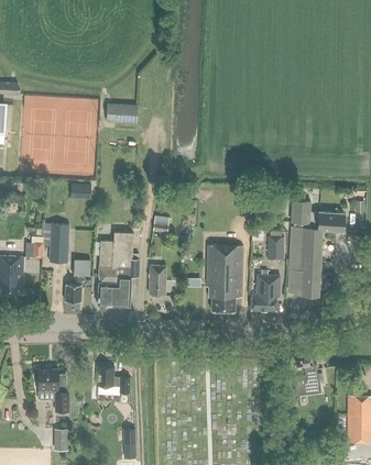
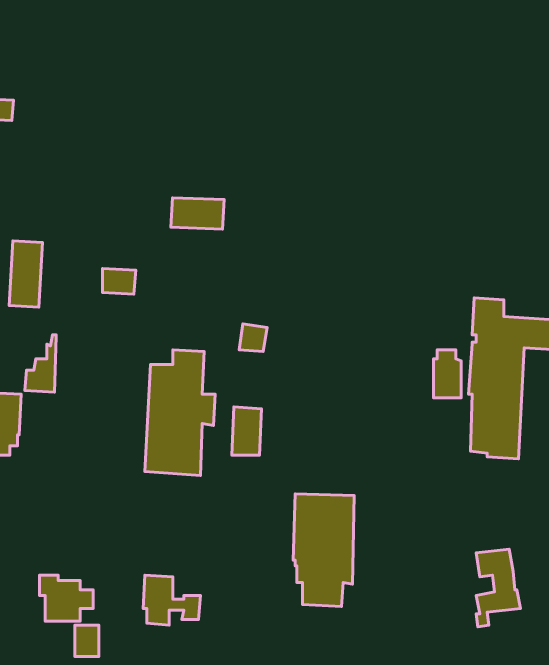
building: [106,104,138,123] -> [171,198,224,229]
building: [48,223,68,263] -> [9,241,43,307]
building: [206,244,242,311] -> [293,494,354,606]
building: [65,258,90,301] -> none
building: [251,269,280,310] -> none

